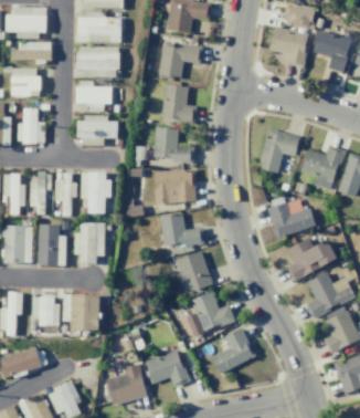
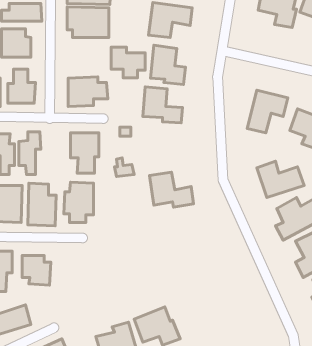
building: [77,81,112,112] -> [111,47,145,78]
building: [155,169,197,203] -> none
building: [54,173,77,216] -> none
building: [176,249,213,290] -> none
building: [186,291,235,337] -> none
building: [63,294,99,331] -> none
building: [212,327,256,374] -> none

